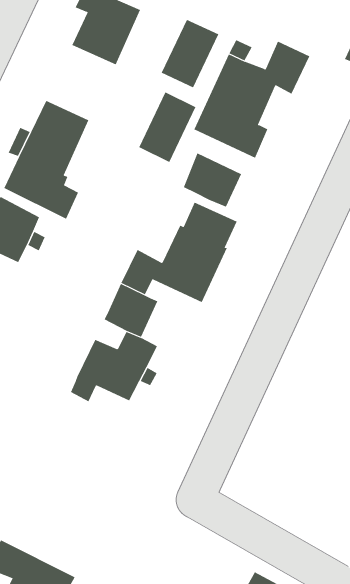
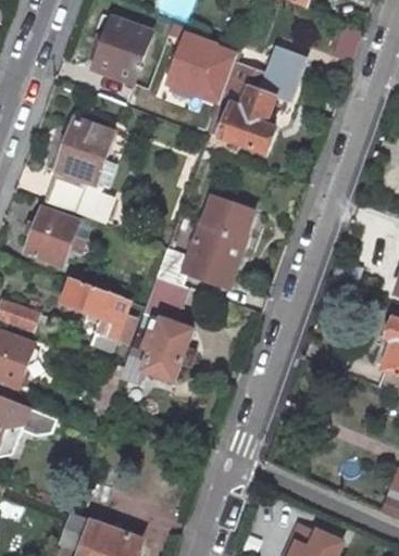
building: [138,92,196,163] -> none
building: [183,152,242,208] -> none
building: none -> [65,276,130,349]

